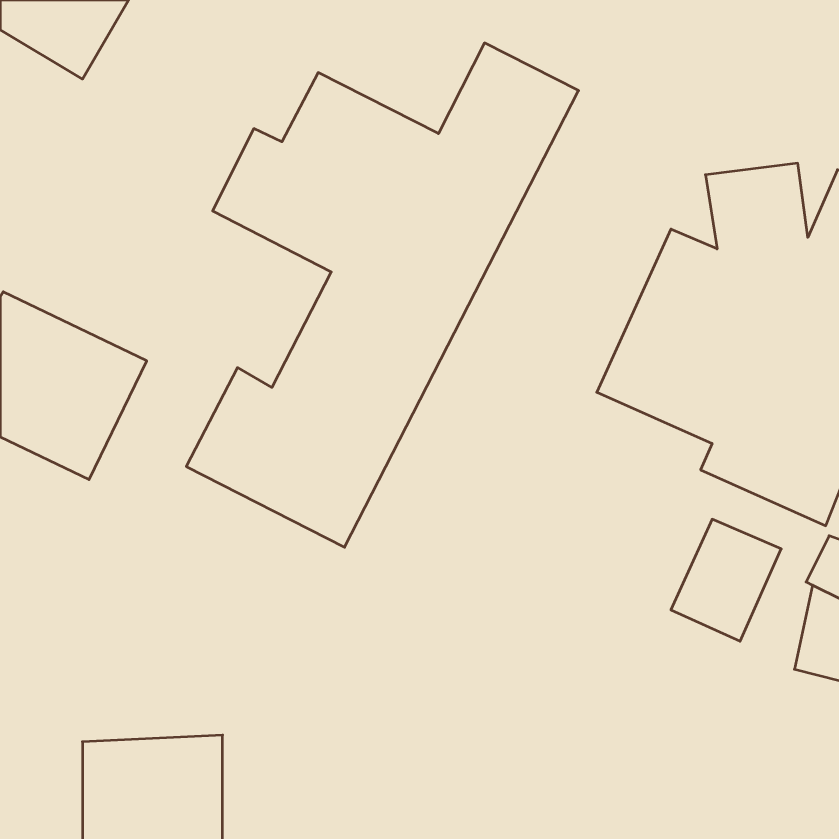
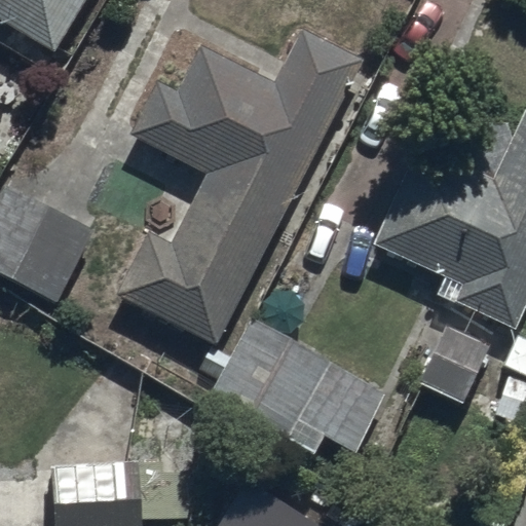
building: none -> [201,315,389,451]

